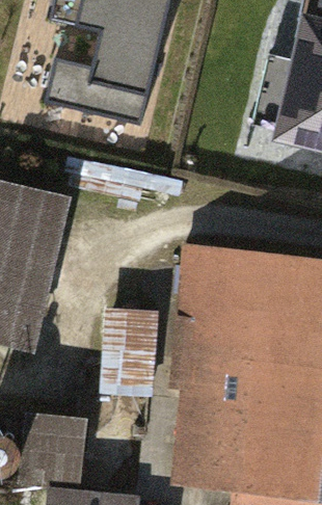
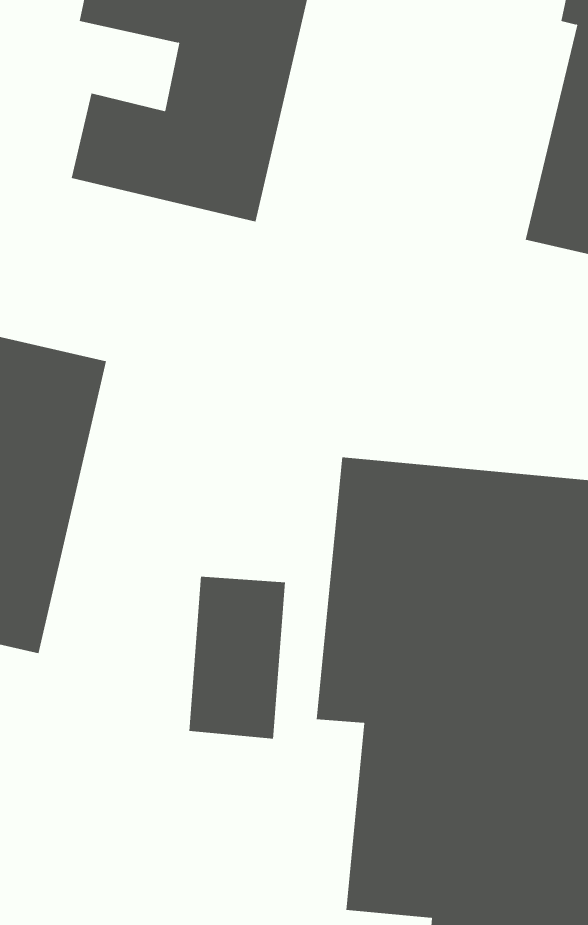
building: [19,418,81,487] -> none

